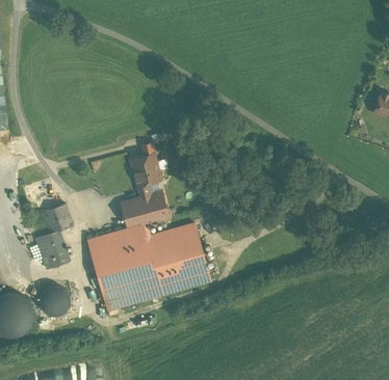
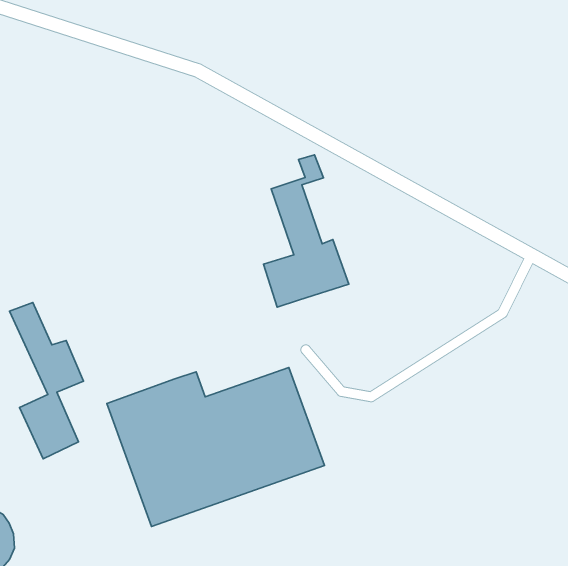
building: [122,142,170,227] -> [263,155,349,307]
building: [38,284,68,314] -> none

